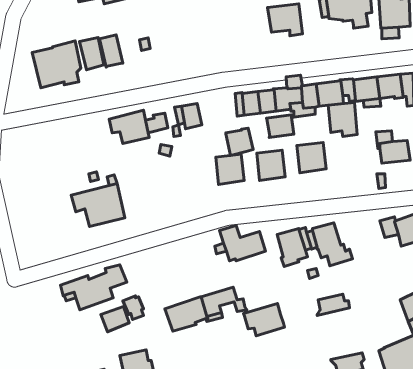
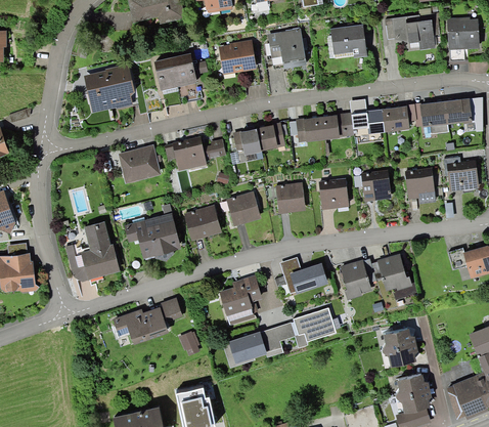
building: none -> [267,29,306,69]
building: none -> [218,39,256,75]
building: [80,38,104,70] -> [171,53,196,87]
building: [328,102,357,137] -> [404,168,435,204]
building: [267,115,294,137] -> none
building: none -> [117,144,161,183]
building: [226,128,253,155] -> [256,123,284,152]
building: none -> [225,191,260,226]
building: none -> [183,206,221,241]
building: none -> [64,221,120,282]
building: none -> [219,274,262,326]
building: [243,304,284,336] -> [293,308,336,342]
building: [101,307,129,332] -> none
building: none -> [382,343,417,368]
building: none -> [395,375,429,397]

